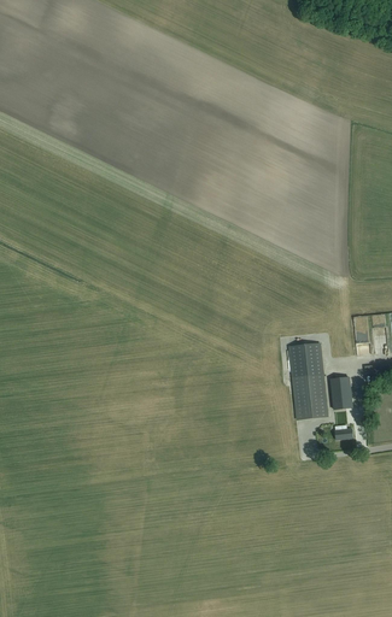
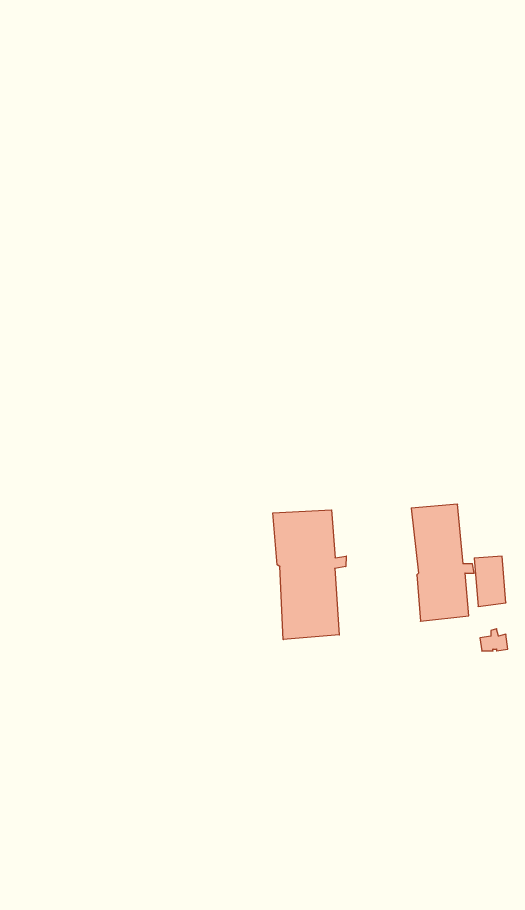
building: none -> [273,510,346,640]

